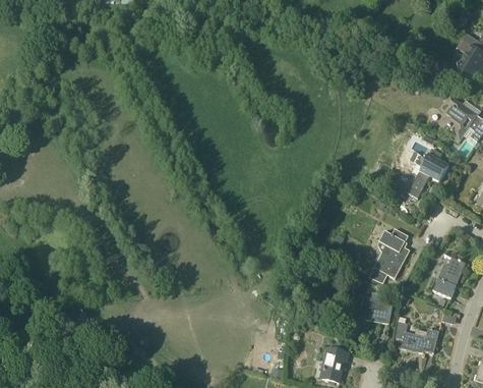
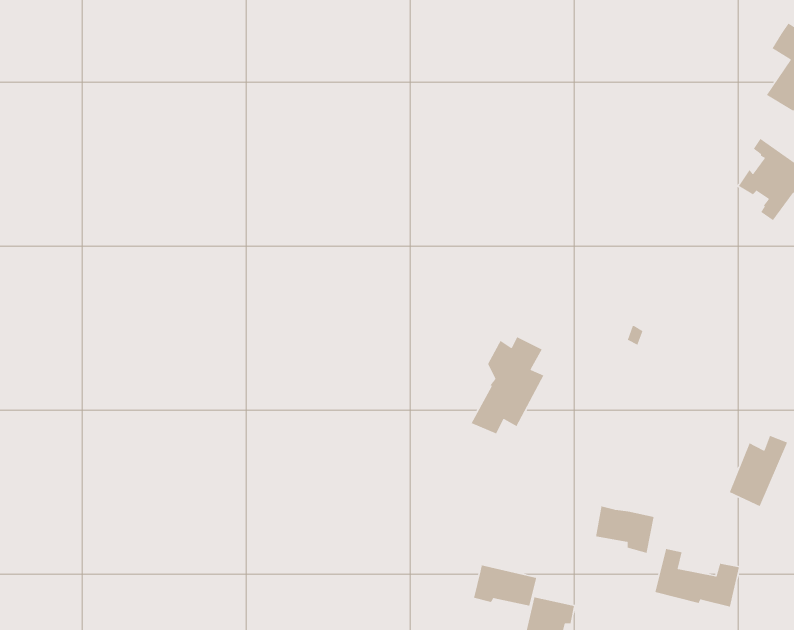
building: [408,147,449,197] -> none
building: [369,227,410,281] -> [470,336,545,435]
building: none -> [473,565,537,606]

